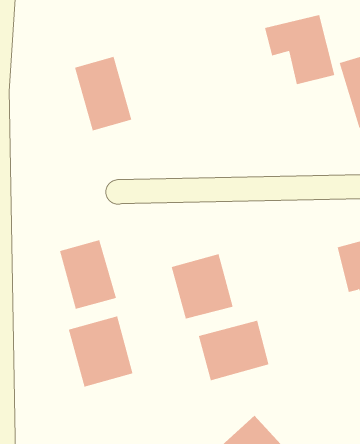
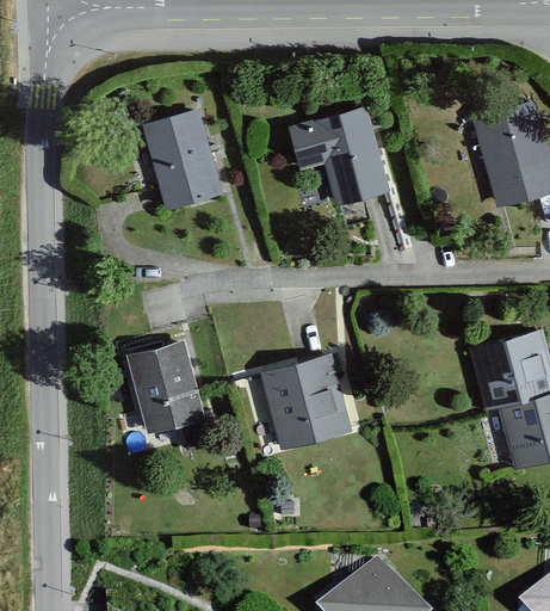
building: [264,14,335,85] -> [293,112,383,200]
building: [68,316,133,387] -> none
building: [198,320,269,381] -> none

